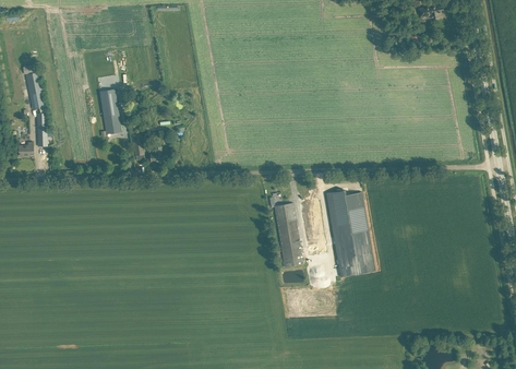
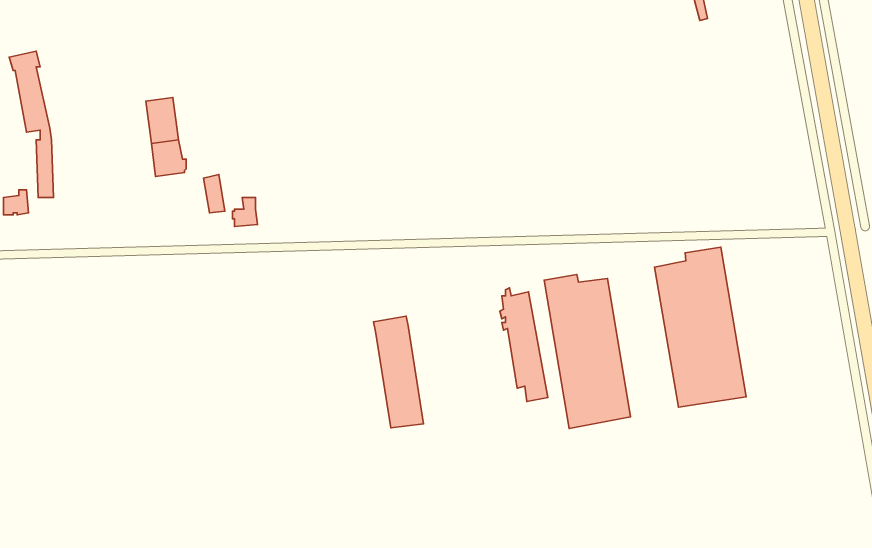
building: none -> [655,247,746,407]
building: [274,203,302,266] -> [374,316,424,428]

